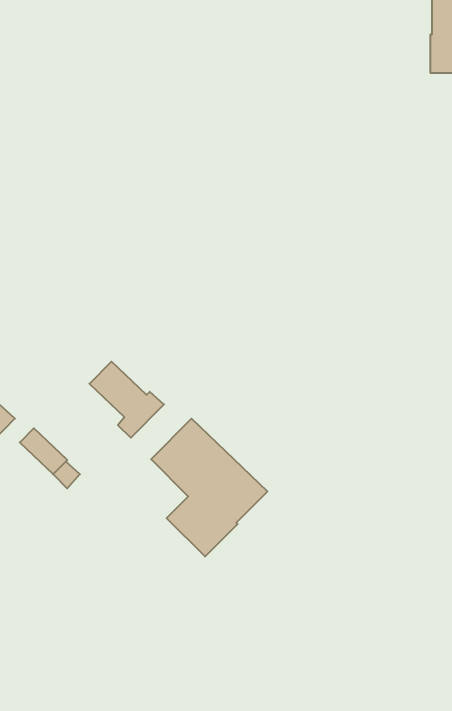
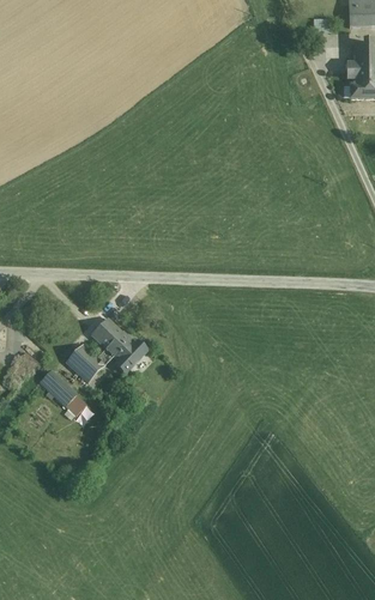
building: none -> [63,343,104,382]
building: [151,419,267,557] -> none

